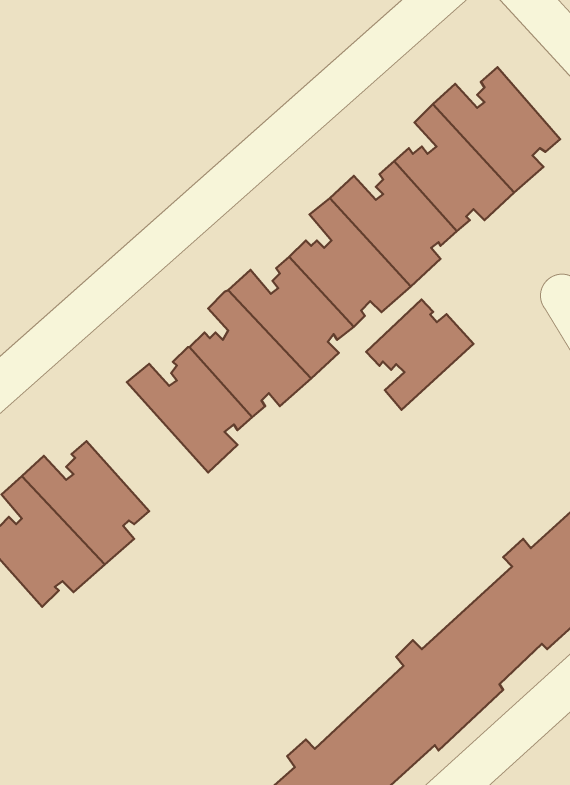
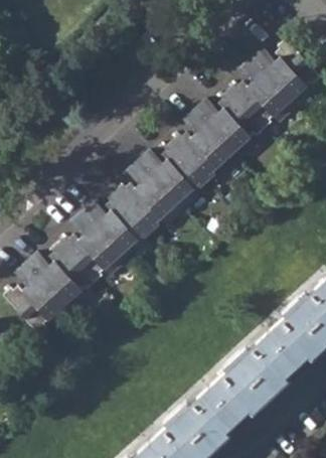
building: [366,300,473,410] -> none
building: none -> [59,210,126,281]

